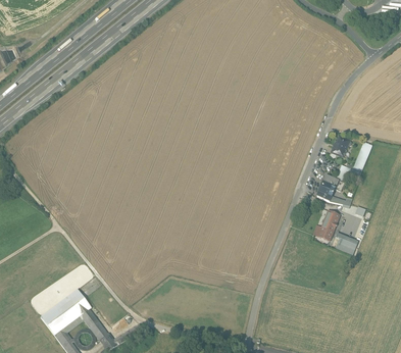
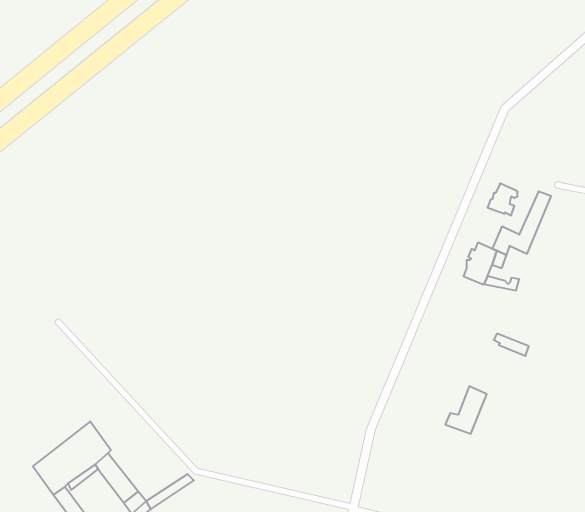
building: [313,208,340,239] -> [445,386,487,434]

